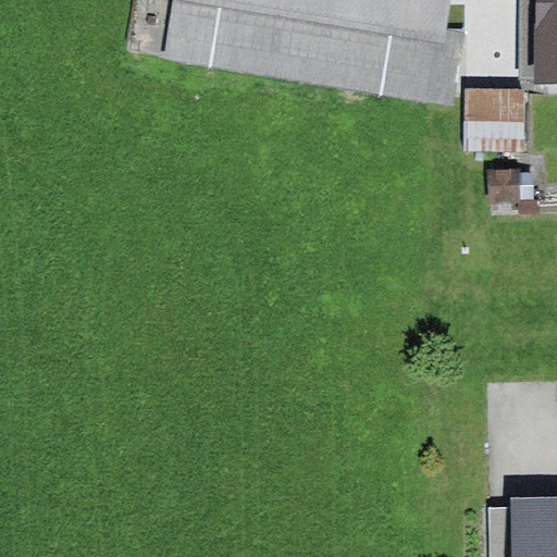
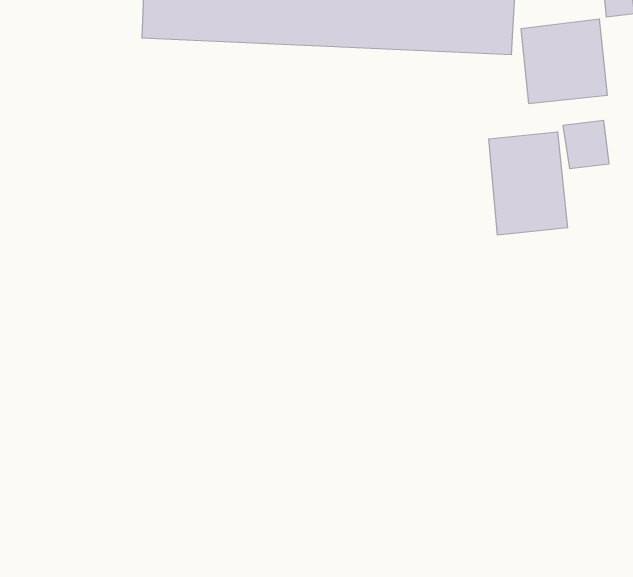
building: none -> [489,132,568,235]

